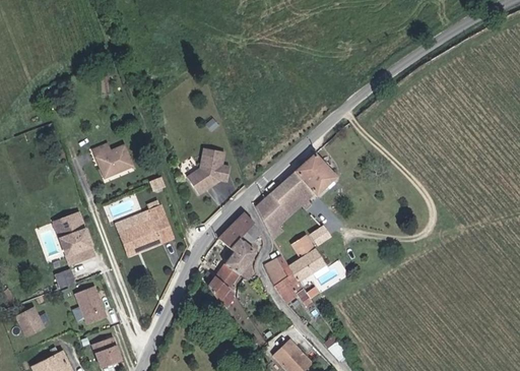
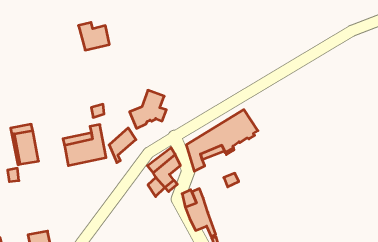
building: [91,140,131,174] -> [78,22,109,50]
building: [290,240,327,284] -> none
building: [204,262,235,305] -> [109,128,136,163]
building: [76,284,109,323] -> none

